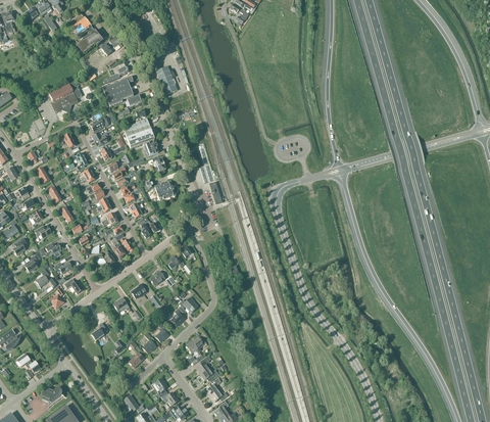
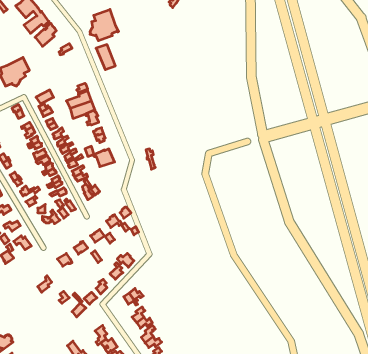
building: none -> [90,9,119,41]
building: [102,77,141,106] -> none

